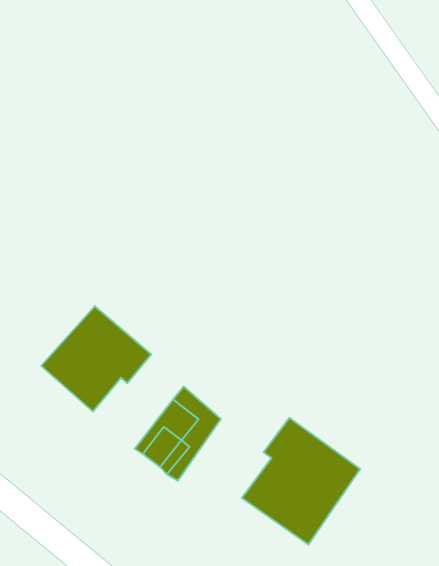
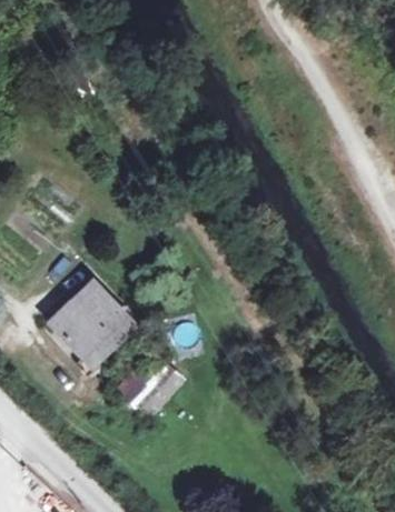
building: [242,418,360,545] -> none

